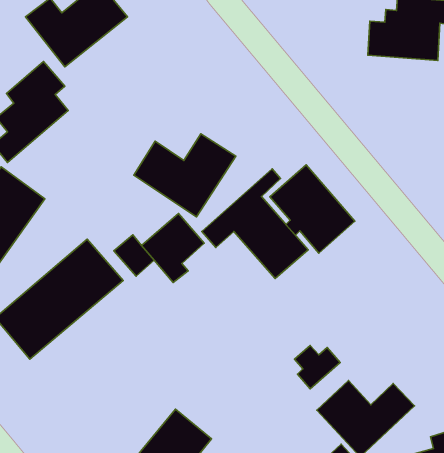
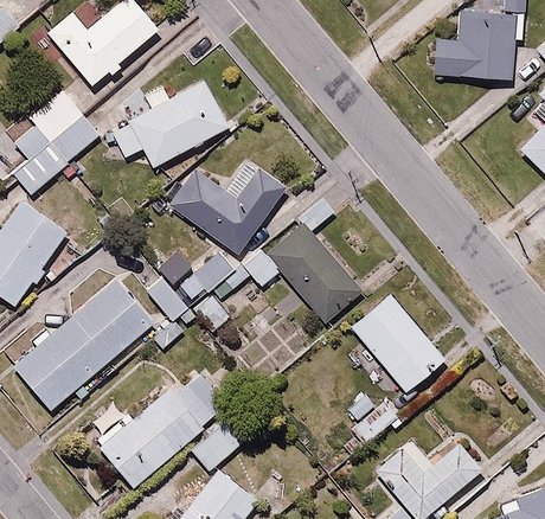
building: none -> [111,79,227,168]
building: [270,165,355,253] -> [347,299,442,397]
building: none -> [100,363,257,492]

